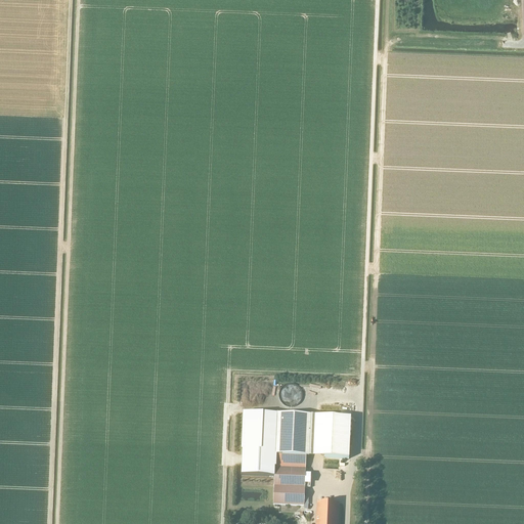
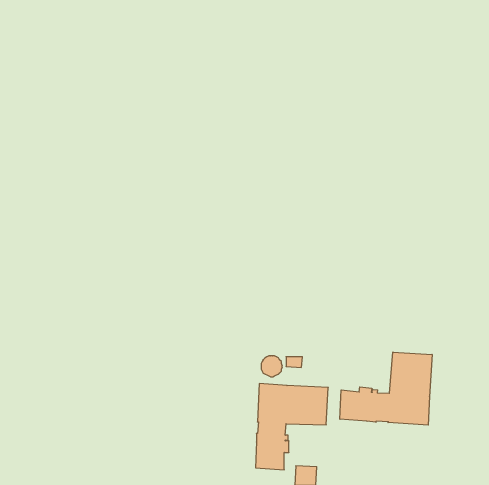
building: none -> [340,352,432,425]
building: [242,409,277,473] -> none

